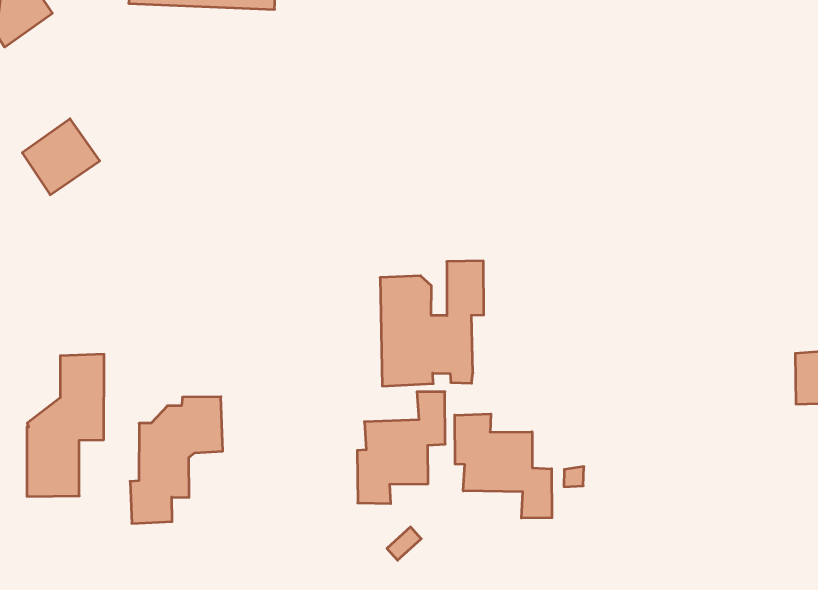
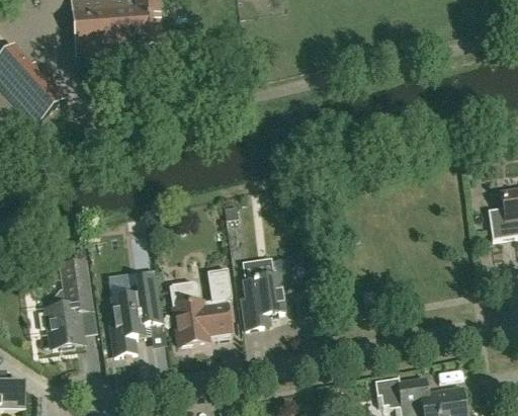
building: [22,119,100,195] -> [16,76,62,121]
building: [380,261,484,386] -> [169,265,232,345]
building: [455,414,552,518] -> none

